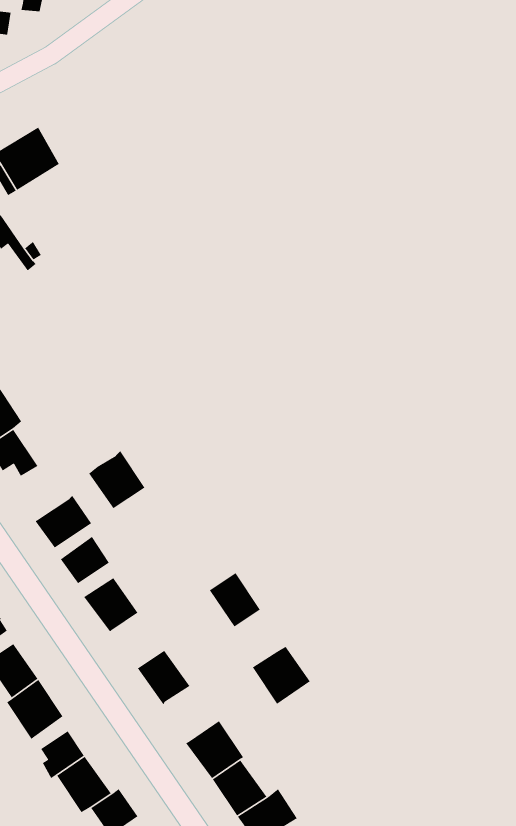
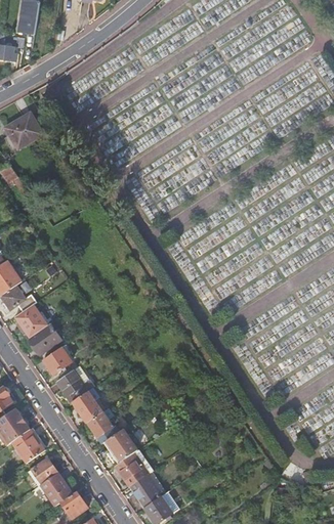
building: [88,450,145,509] -> [15,304,48,338]
building: [209,572,261,628] -> [73,391,102,423]
building: [252,646,311,705] -> [103,430,137,464]

